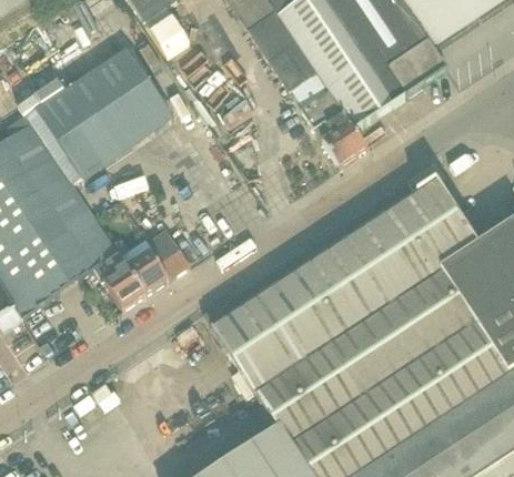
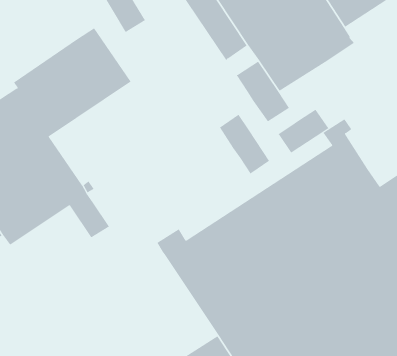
building: none -> [278,109,329,153]
building: none -> [219,114,270,175]
building: [125,227,191,292] -> none

